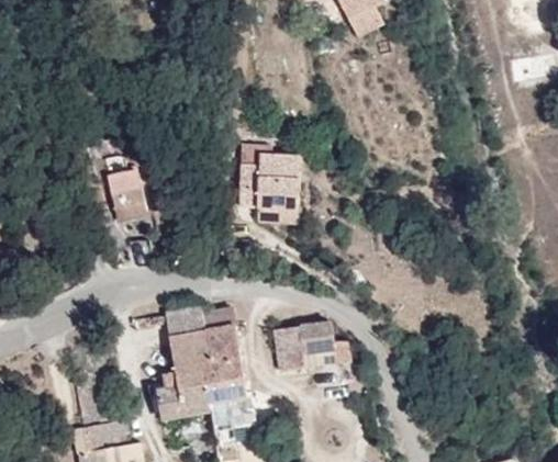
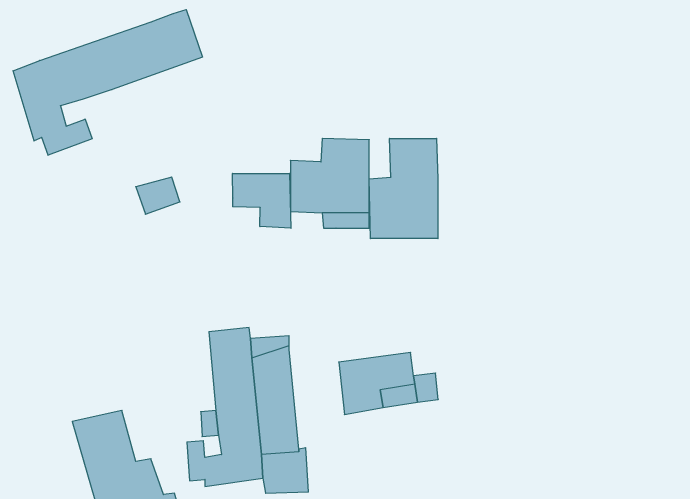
building: none -> [13,10,202,155]
building: none -> [369,138,438,239]
building: none -> [233,173,291,228]

